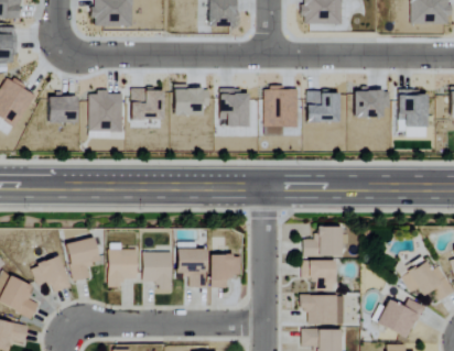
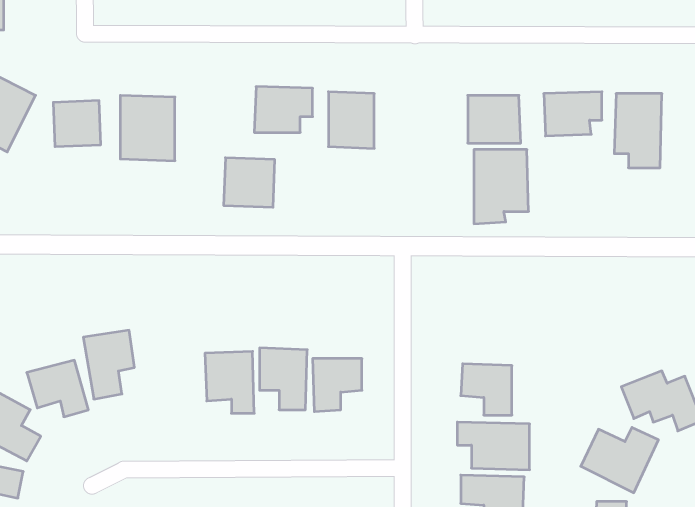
building: [131,88,163,119] -> [224,158,275,207]
building: [264,89,299,135] -> [474,150,529,224]
building: [303,226,342,256] -> none
building: [108,250,137,286] -> none

